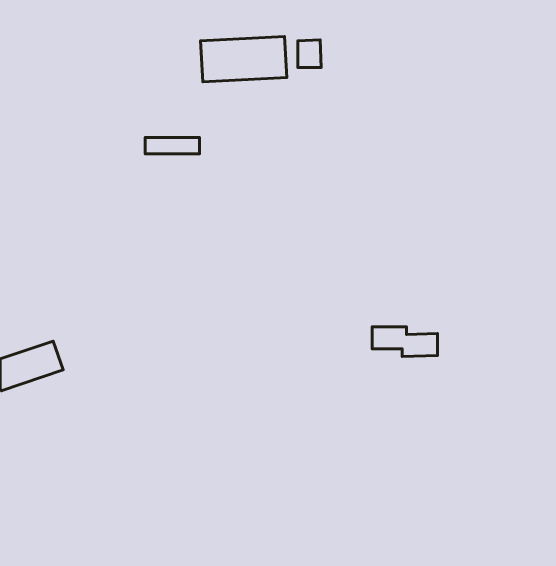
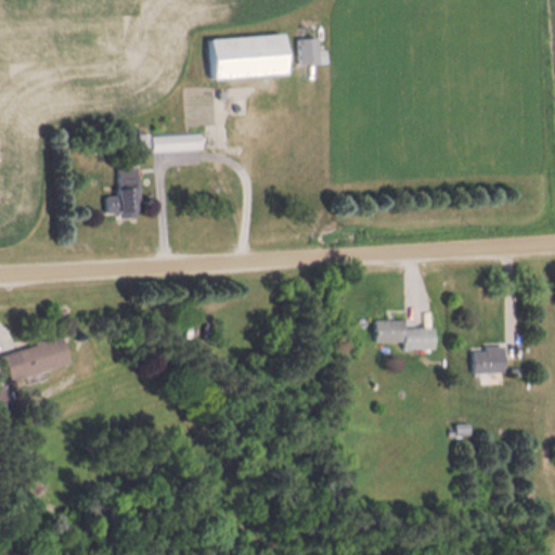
building: none -> [108,167,141,212]
building: none -> [473,346,508,373]

